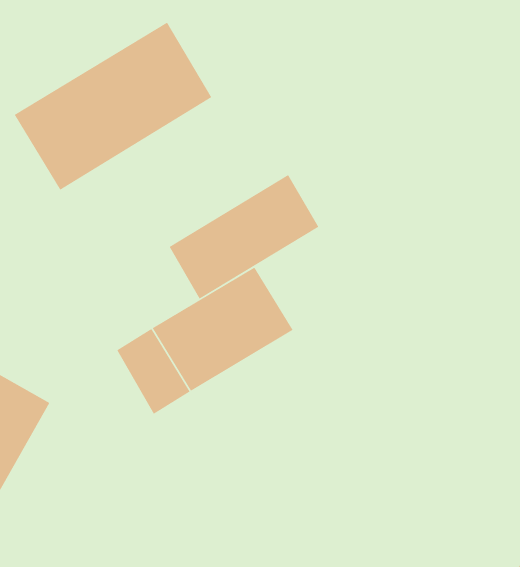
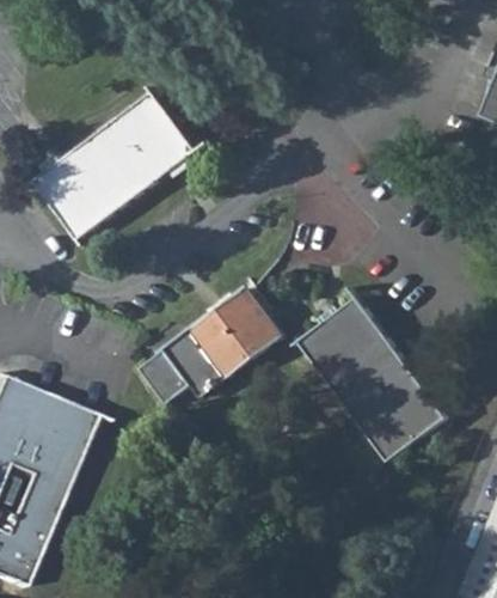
building: [169,174,319,300] -> none
building: none -> [297,294,448,458]

